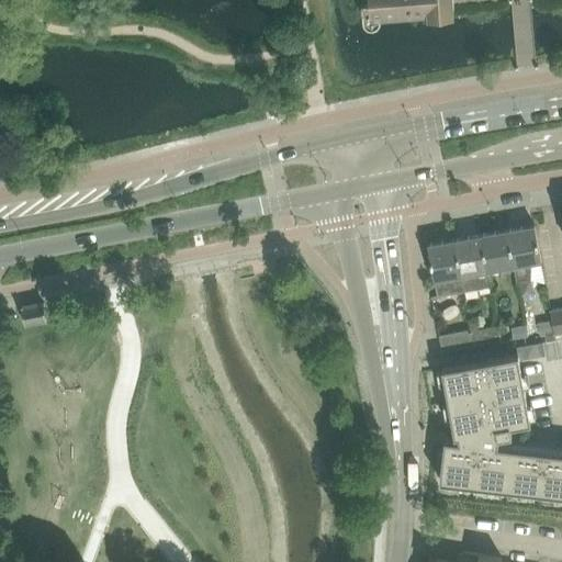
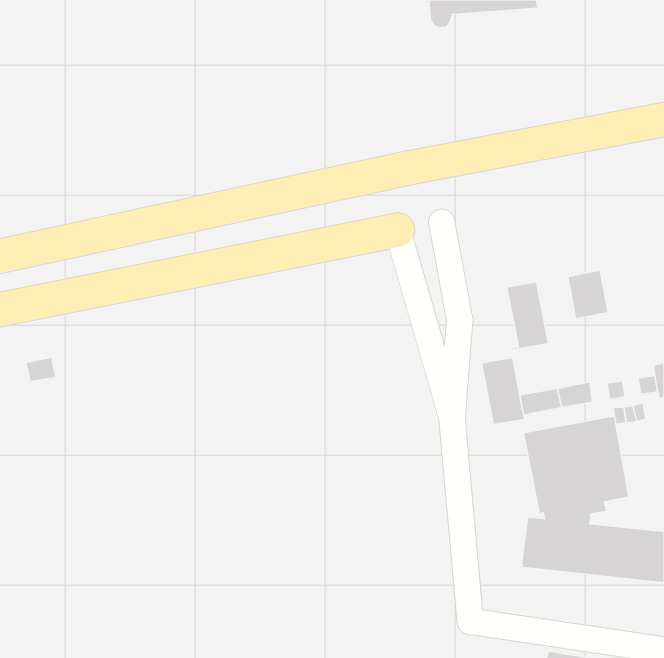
building: [507,229,541,286] -> none
building: [453,239,490,295] -> [481,358,524,424]

